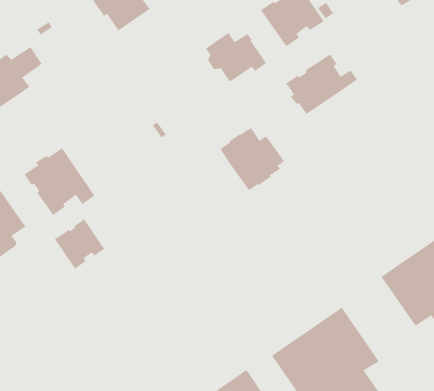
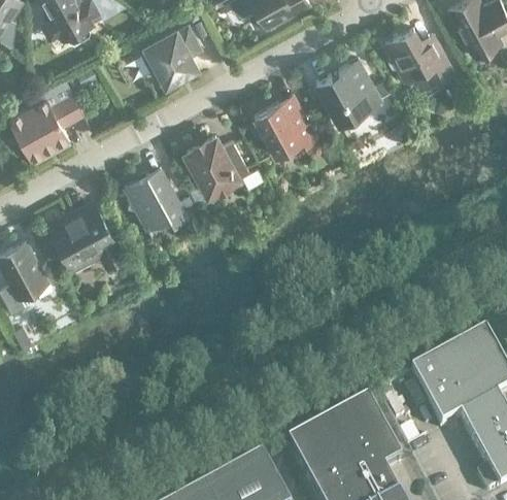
building: [285,53,358,115] -> none
building: none -> [125,165,189,236]
building: [219,127,285,191] -> [182,130,249,196]
building: [54,218,105,270] -> none

